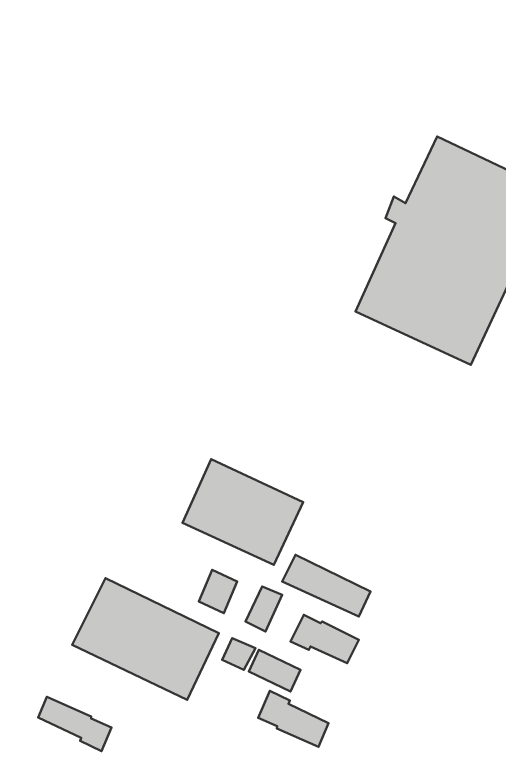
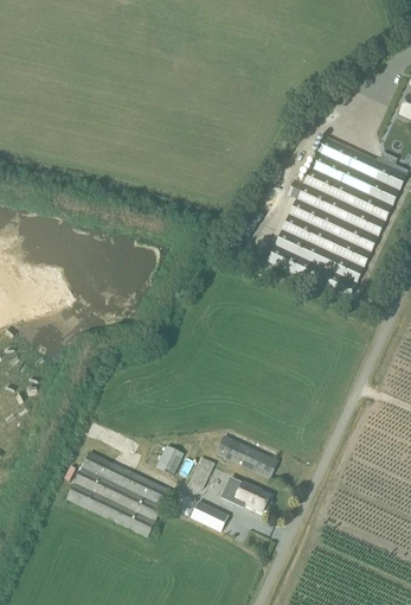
building: [183,459,303,565] -> none
building: [258,691,329,747] -> none
building: [38,697,111,751] -> none

